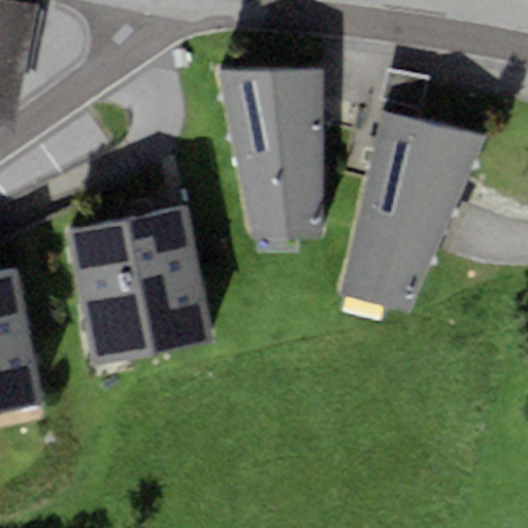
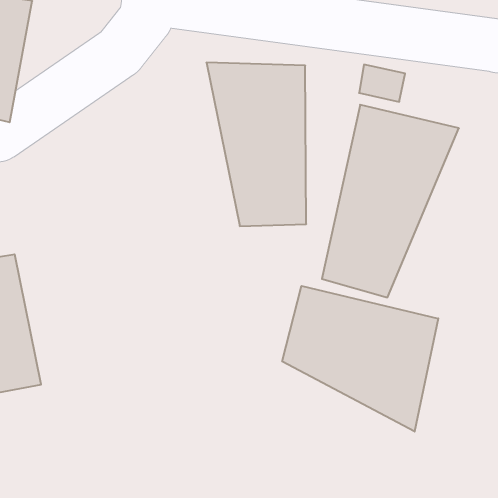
building: [64,204,216,365] -> none
building: none -> [282,286,438,432]

